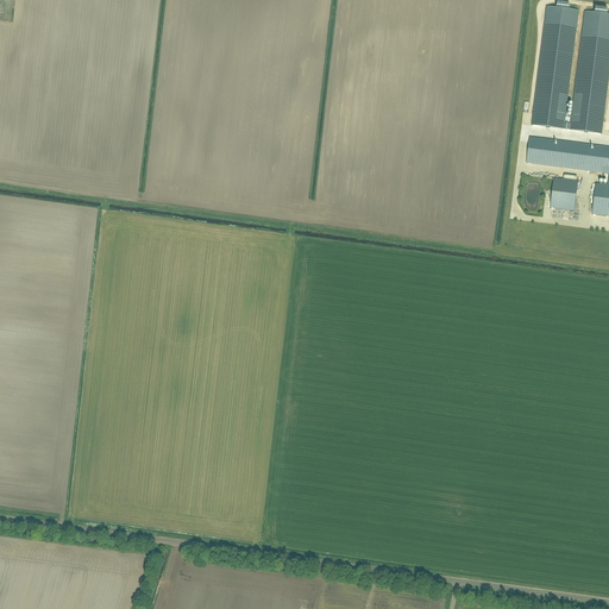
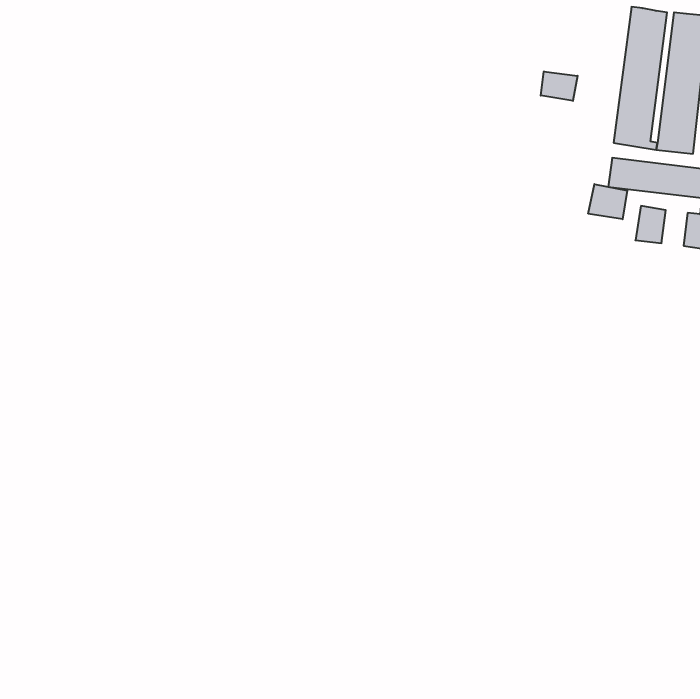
building: none -> [541,71,578,101]
building: none -> [588,184,627,219]

